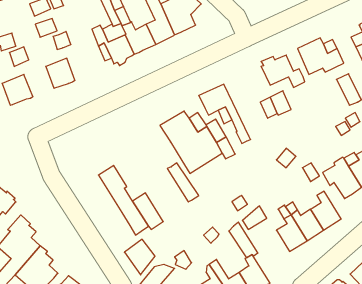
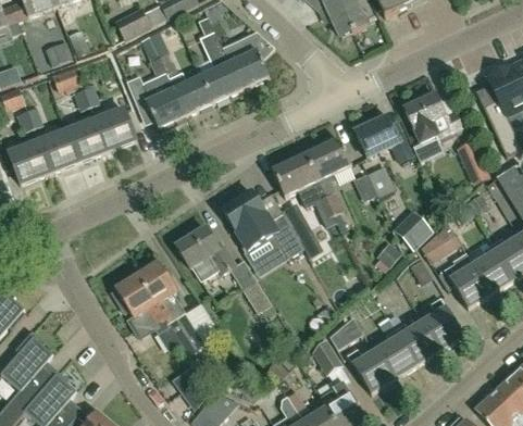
building: none -> [95,109,136,149]
building: none -> [37,130,77,171]
building: none -> [412,133,447,162]
building: none -> [306,135,351,224]
building: none -> [394,209,434,250]
building: none -> [422,224,461,262]
building: none -> [175,227,235,279]
building: none -> [112,276,179,350]
building: none -> [347,349,394,392]

